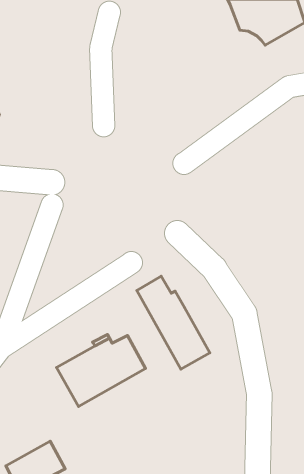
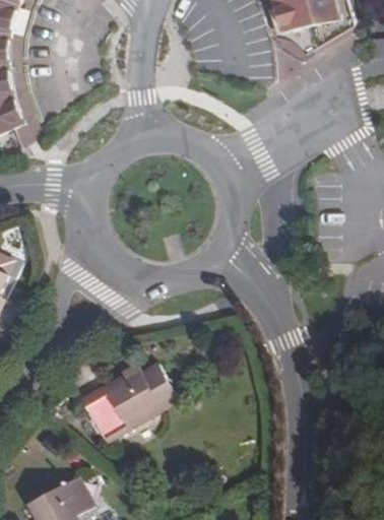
building: [137,276,210,369] -> none

